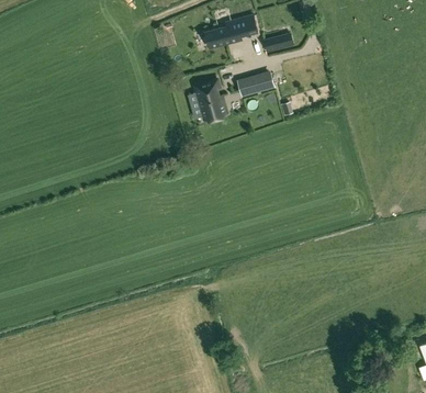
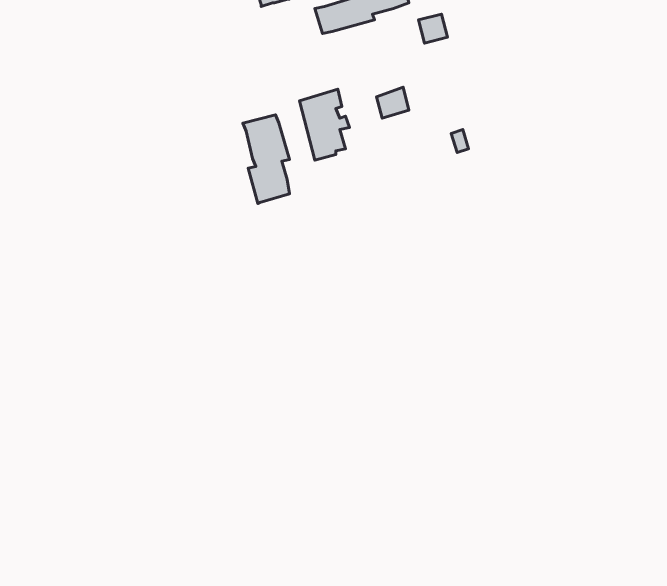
building: none -> [243,115,290,204]

